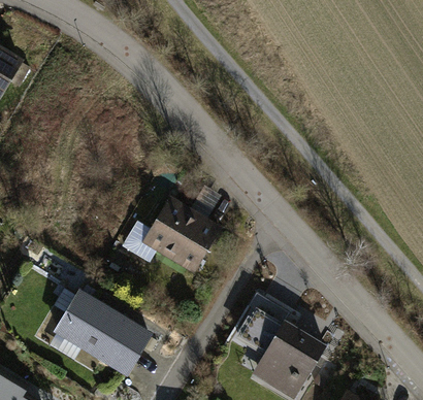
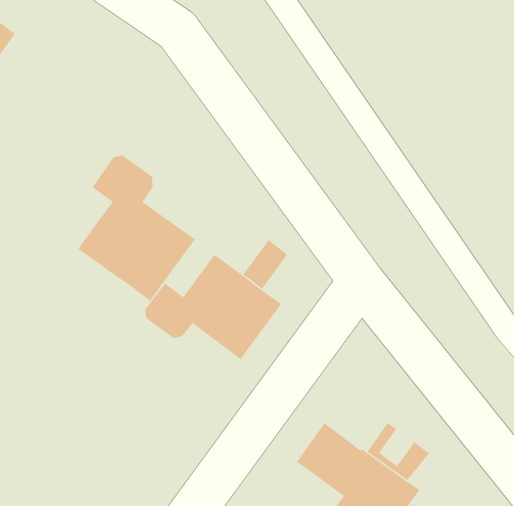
building: none -> [77,154,196,302]
building: [56,294,148,372] -> none

